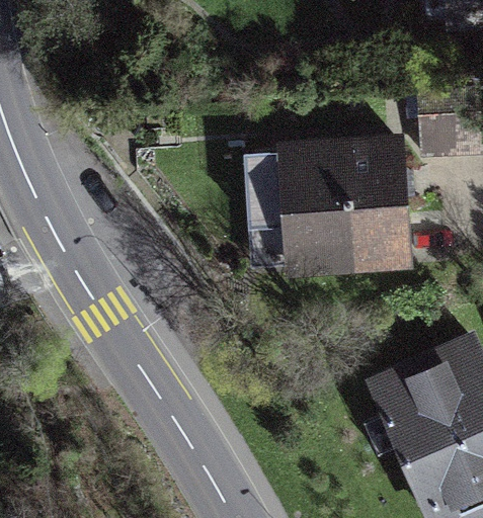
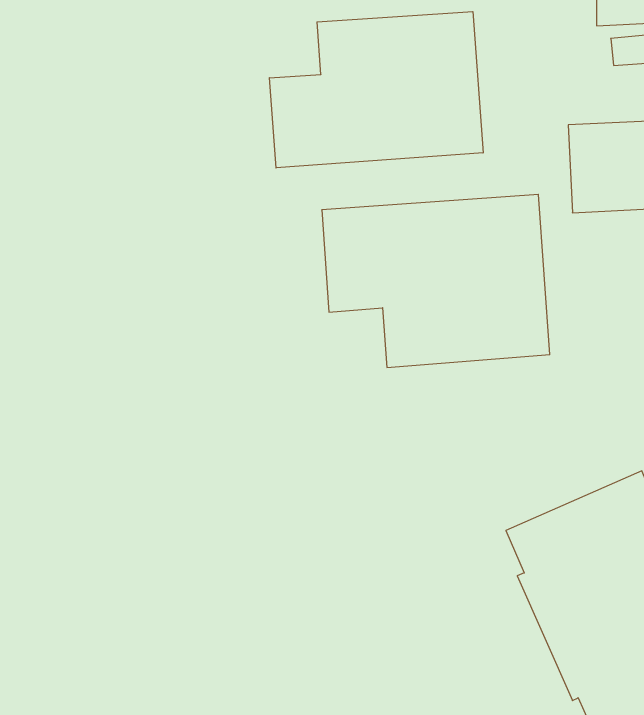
building: none -> [269,12,483,168]

